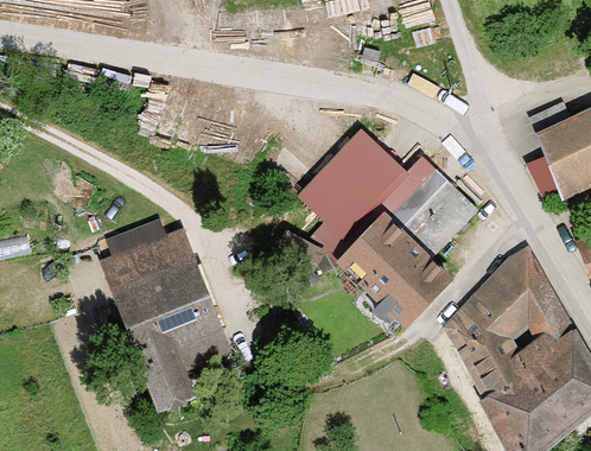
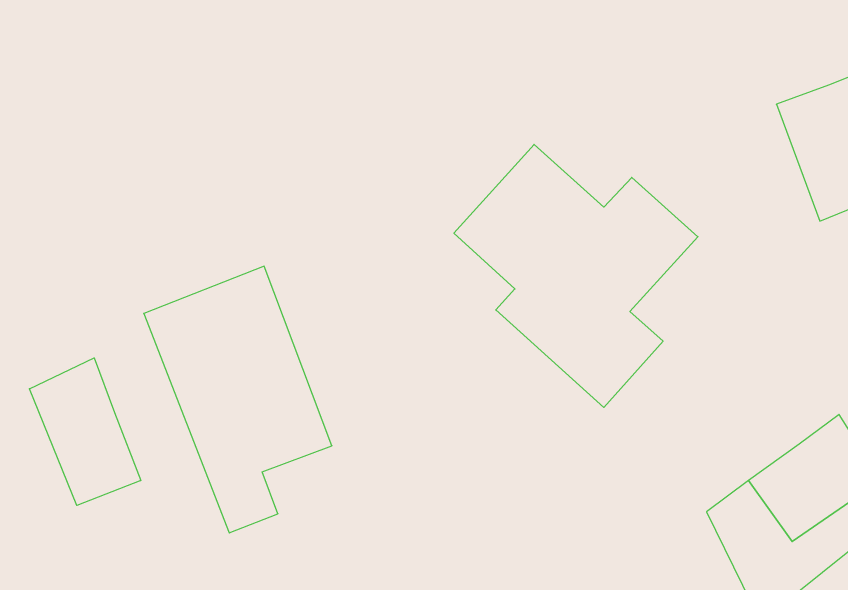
building: [445,246,573,394] -> none
building: none -> [29,358,141,505]

